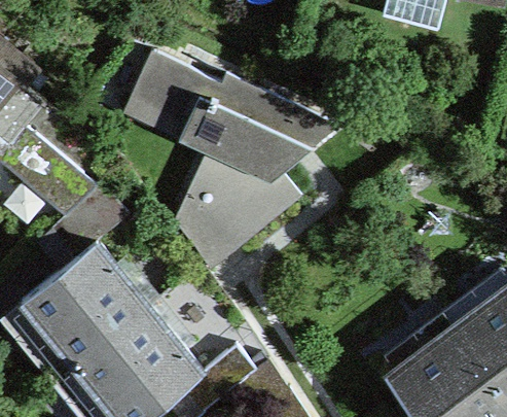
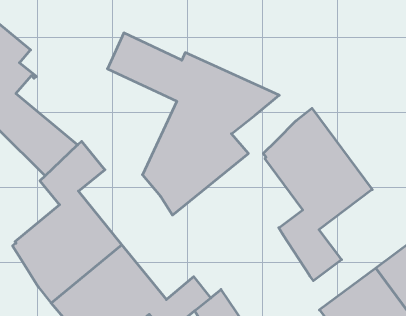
building: none -> [263,108,372,281]

